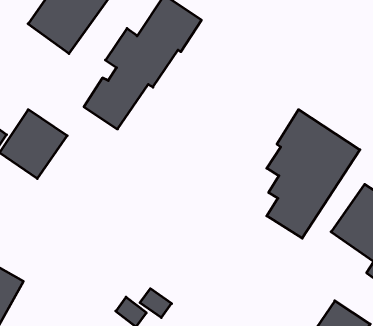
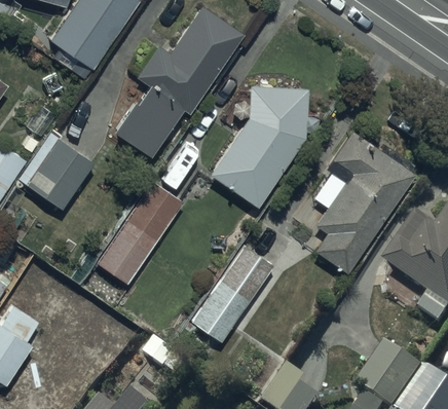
building: none -> [209,85,299,201]
building: none -> [97,179,183,283]
building: none -> [188,247,270,340]

